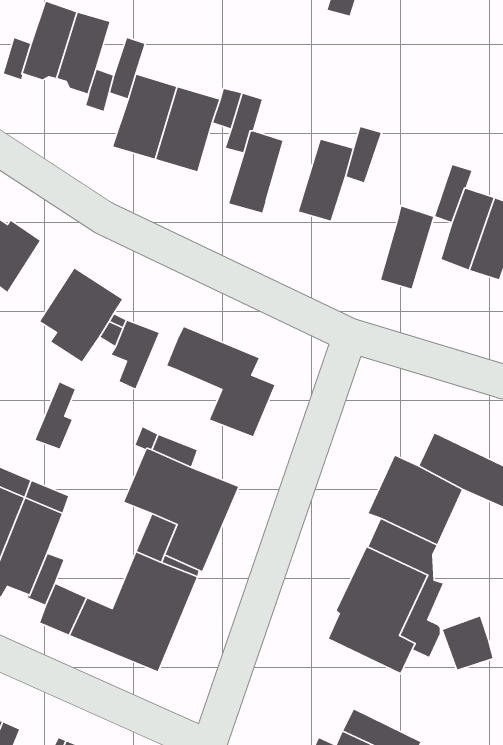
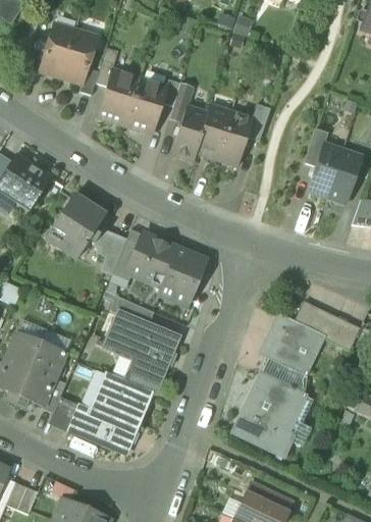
building: [380,205,434,290] -> [197,105,231,159]
building: [35,381,76,450] -> [113,236,140,279]
building: none -> [82,370,113,414]
building: [442,616,493,671] -> none

